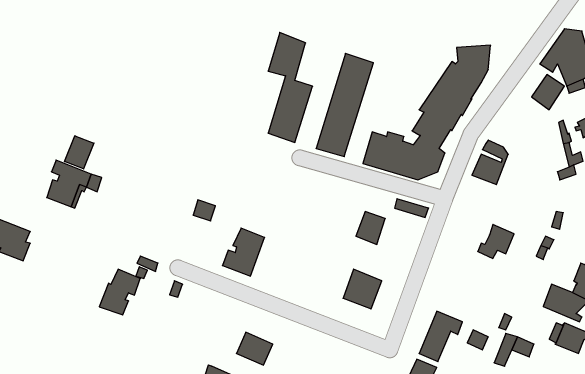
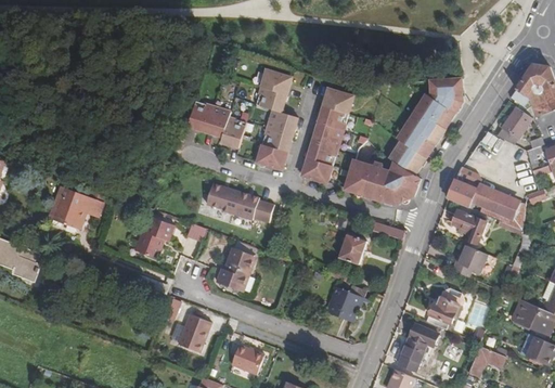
building: none -> [190,100,249,146]
building: [65,136,94,169] -> none
building: none -> [206,183,276,223]
building: none -> [479,190,524,231]
building: none -> [450,210,483,245]
building: [99,269,140,315] -> [133,217,171,259]
building: none -> [427,296,456,328]
building: none -> [175,312,209,351]

